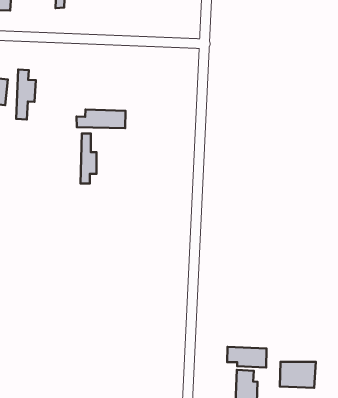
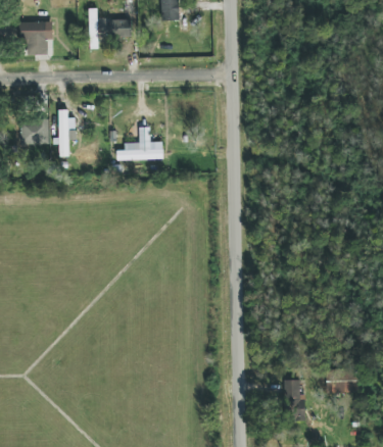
building: [81,134,96,184] -> none
building: [227,347,267,368] -> none

